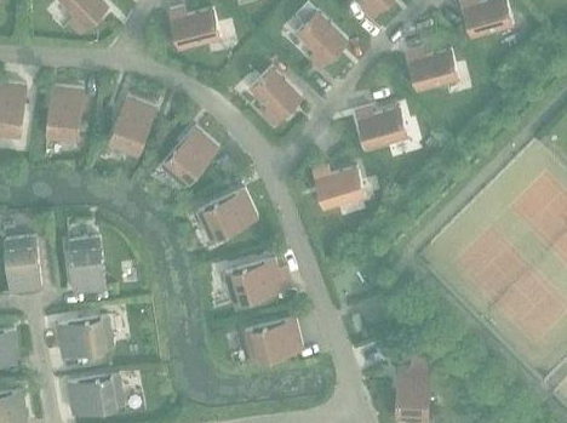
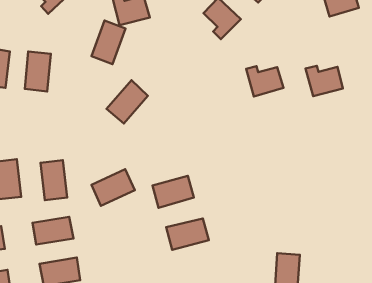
building: [406,50,458,92] -> [305,66,343,96]
building: [250,68,300,127] -> none
building: [108,97,155,158] -> [92,21,125,64]
building: [313,167,365,210] -> none
building: [196,190,257,241] -> [91,169,135,206]

